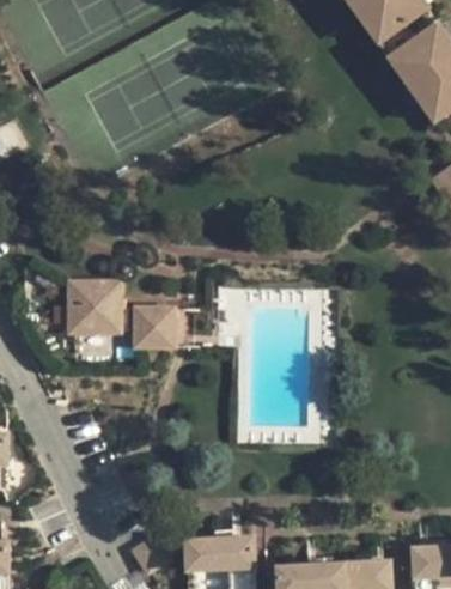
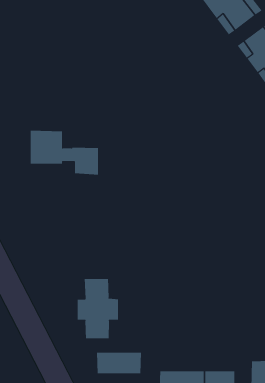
building: [73,290,176,357] -> [30,130,99,175]
building: none -> [77,278,119,339]

